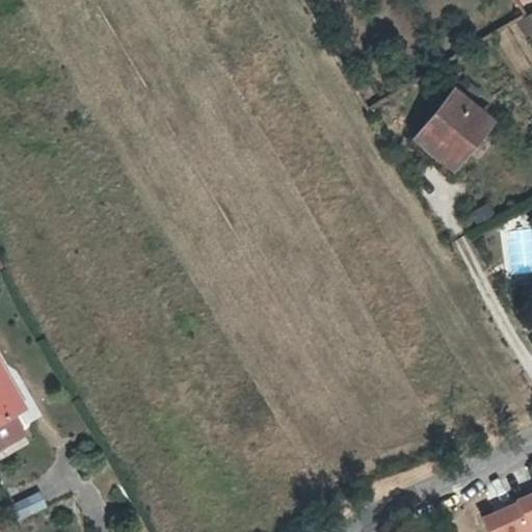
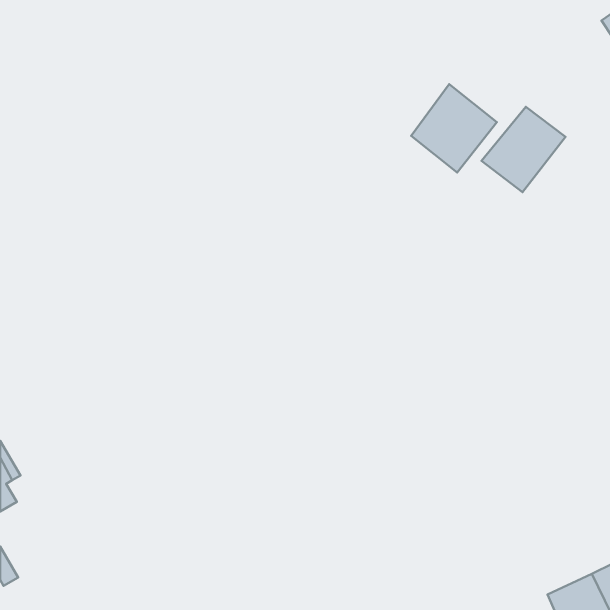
building: none -> [411,84,497,173]

